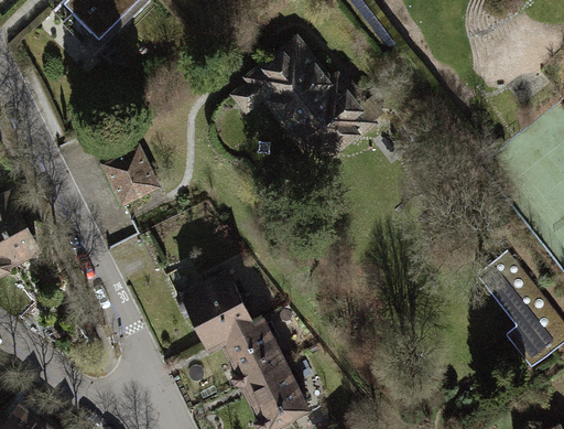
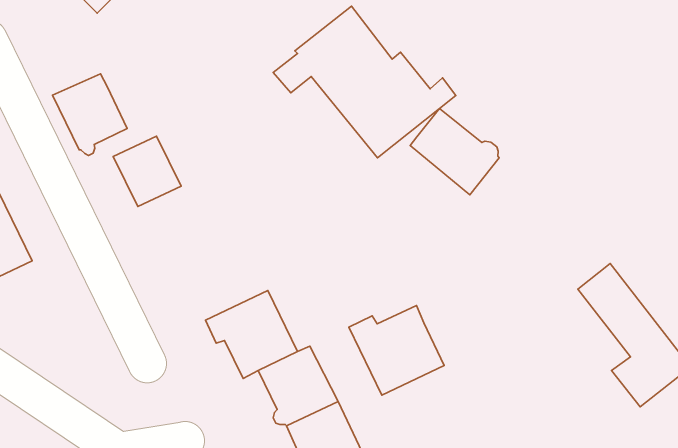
building: none -> [53,74,127,155]
building: none -> [410,109,499,195]
building: none -> [349,306,444,395]

